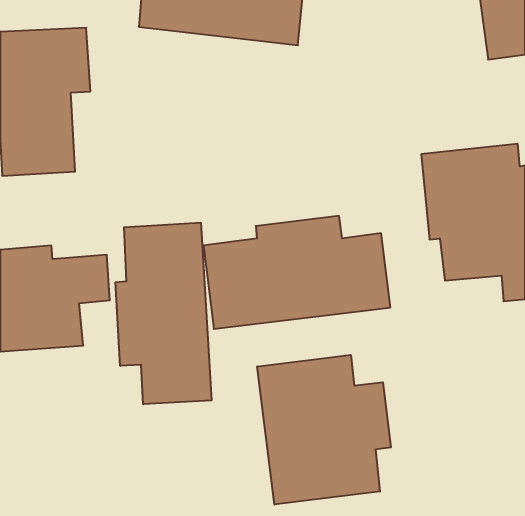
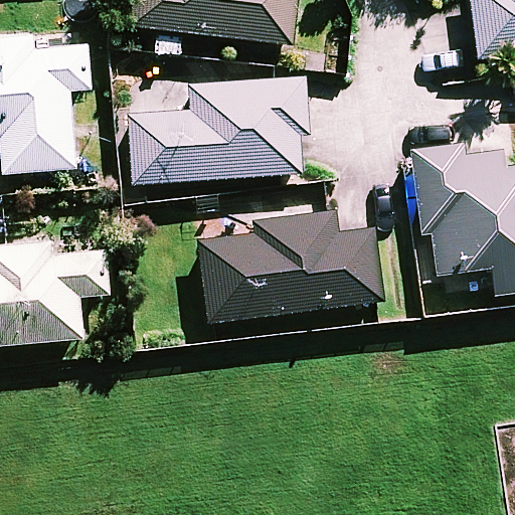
building: none -> [126,76,308,183]
building: [115,223,211,404] -> none
building: [257,355,391,505] -> none

